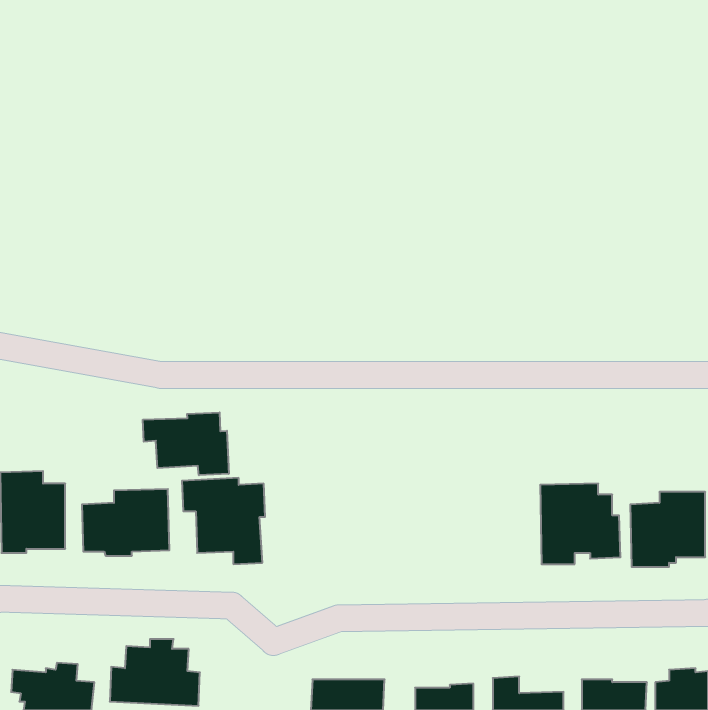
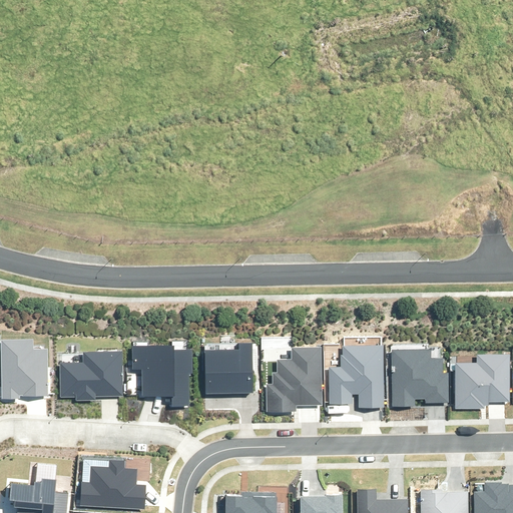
building: [143,412,229,475] -> none
building: none -> [205,343,252,393]
building: none -> [328,346,382,408]
building: none -> [266,349,321,412]

